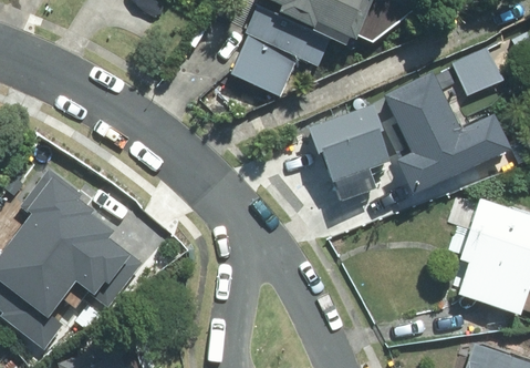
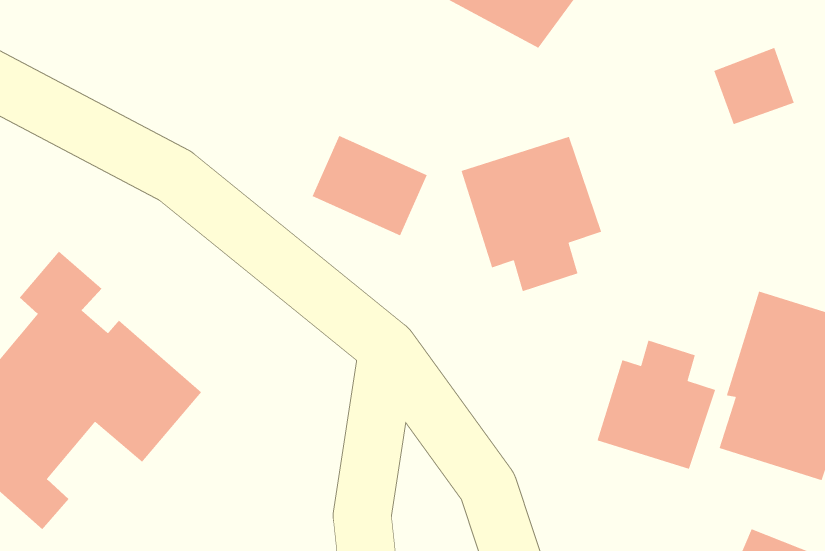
building: [228,33,299,95] -> [311,135,428,236]
building: [382,65,506,193] -> none
building: none -> [597,340,716,470]

